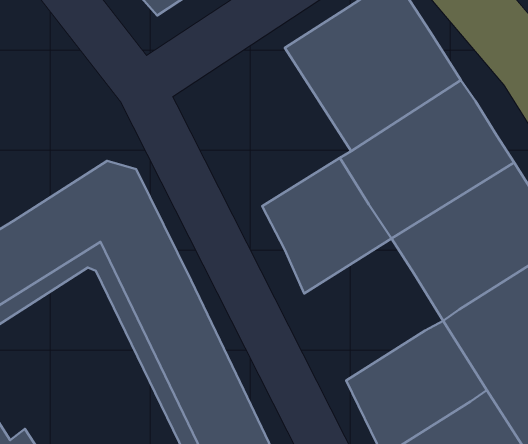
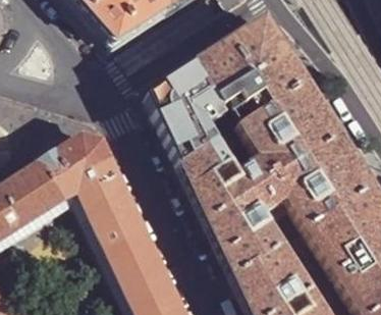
building: none -> [146,60,235,160]
building: none -> [206,180,293,270]

